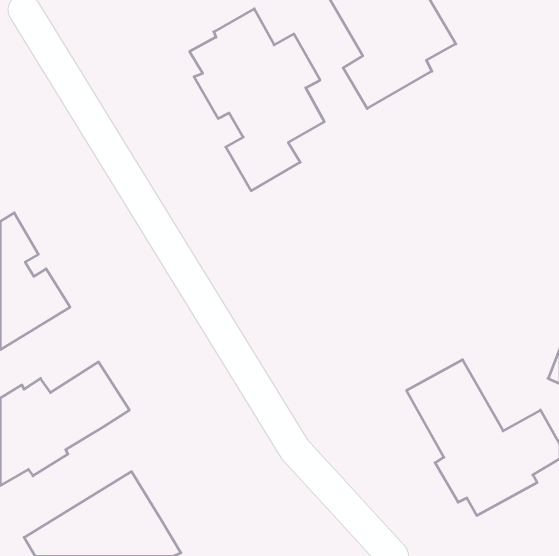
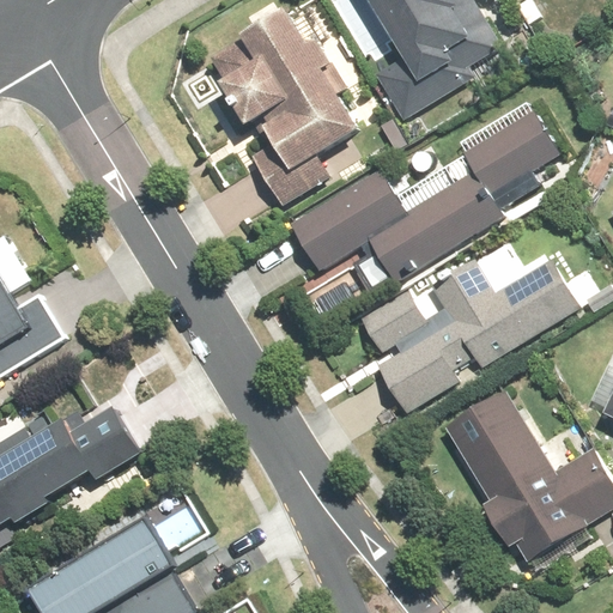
building: none -> [289,103,556,286]
building: none -> [358,260,579,414]

